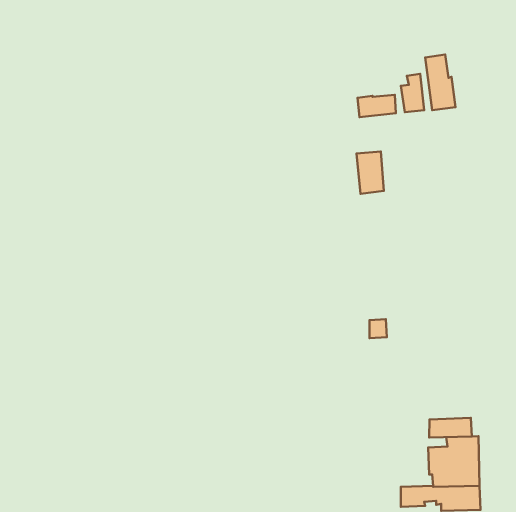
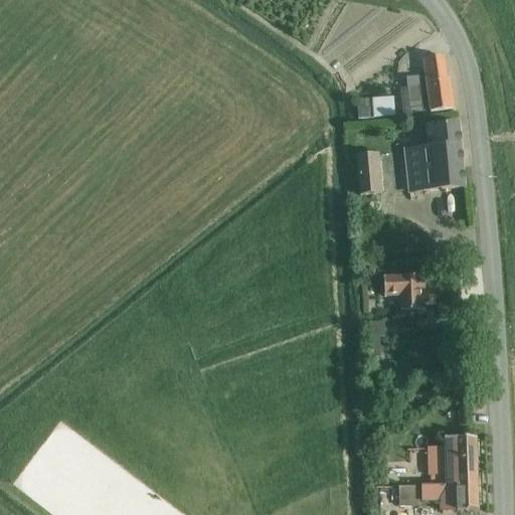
building: none -> [403,122,465,190]
building: none -> [383,272,436,308]
building: [429,418,472,437] -> none

